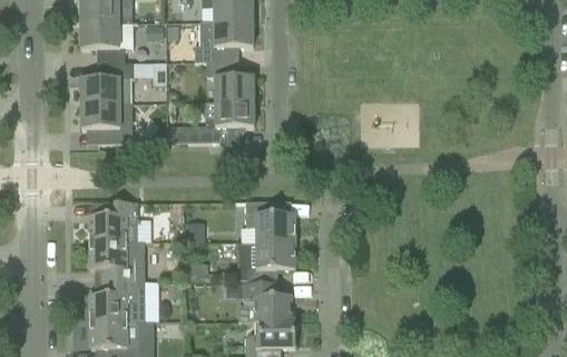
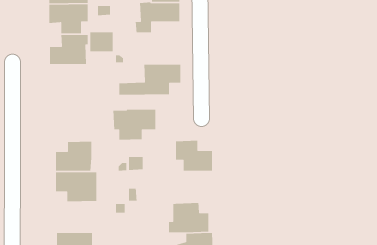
building: [206,61,254,101] -> none
building: [82,102,133,143] -> none
building: [238,241,295,282] -> [113,109,156,141]
building: [90,280,145,320] -> none

